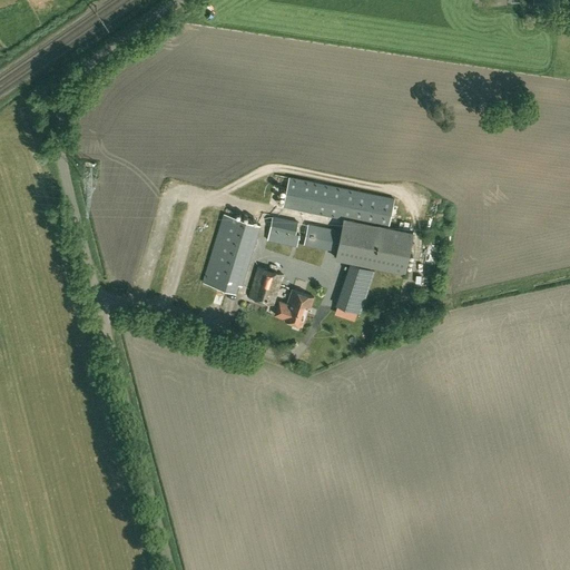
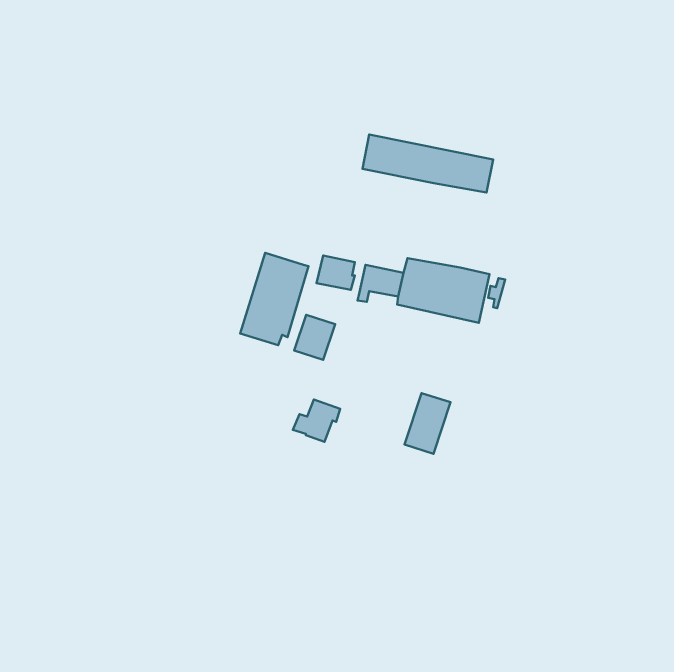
building: [284,178,394,227] -> [363,134,493,192]
building: [336,263,375,314] -> [404,393,451,454]
building: [274,289,314,325] -> [293,400,340,442]

